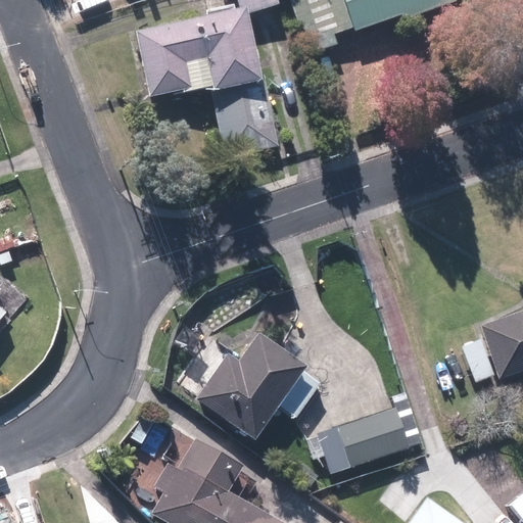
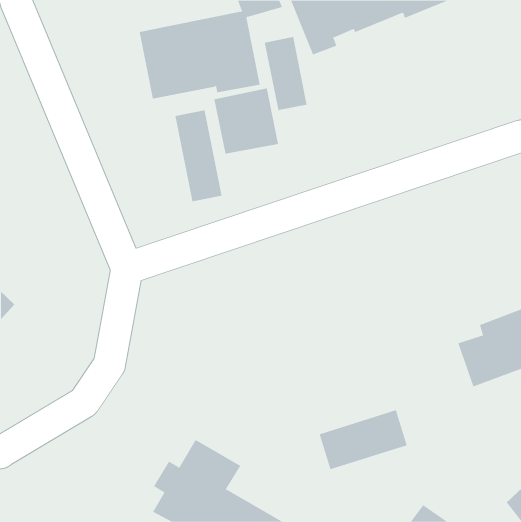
building: none -> [264,36,307,111]
building: none -> [175,109,222,202]
building: [195,334,321,437] -> none

